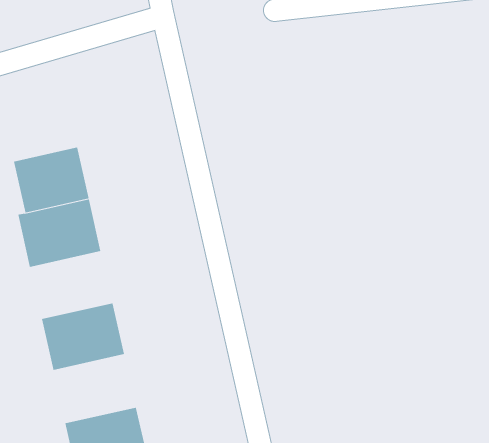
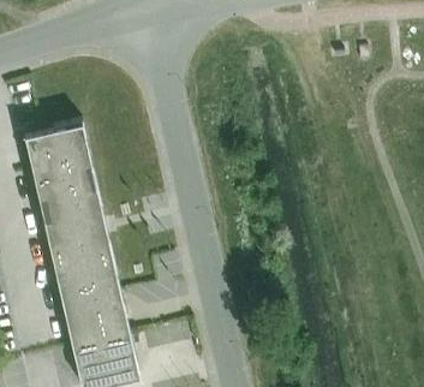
building: none -> [43,212,112,267]
building: none -> [62,296,131,352]

